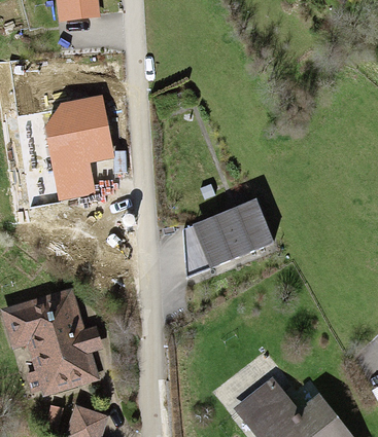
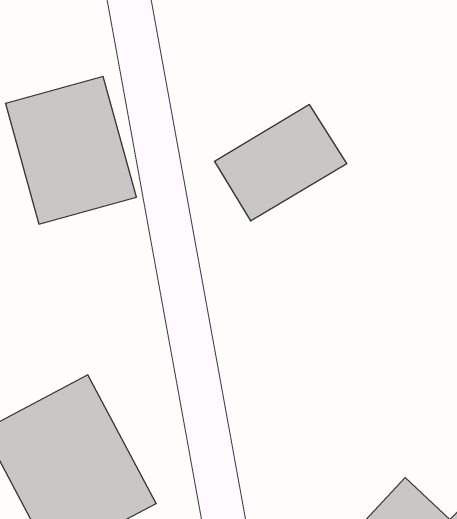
building: [179,198,264,267] -> [214,105,347,221]

